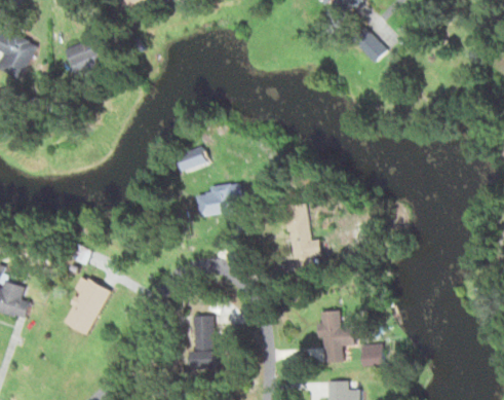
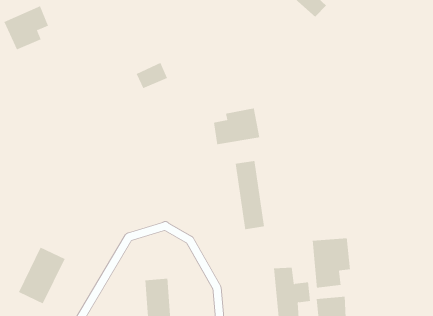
building: [178,146,209,172] -> [136,62,168,89]
building: [200,182,246,217] -> [213,108,260,145]
building: none -> [312,238,351,288]

